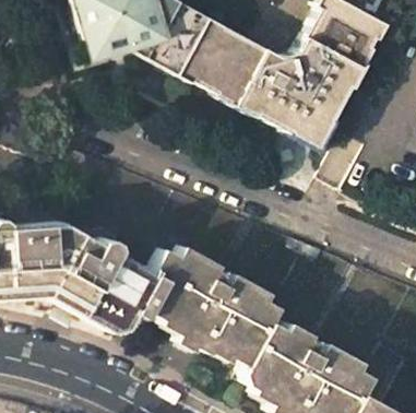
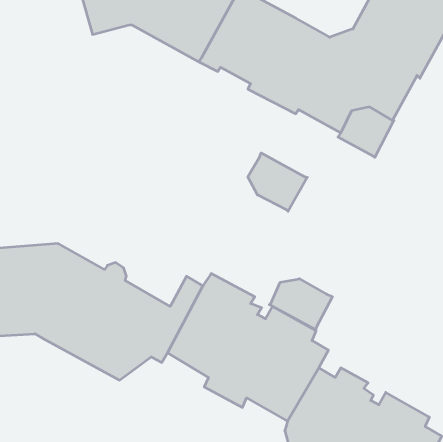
building: none -> [248,153,307,211]
building: none -> [269,279,332,330]

